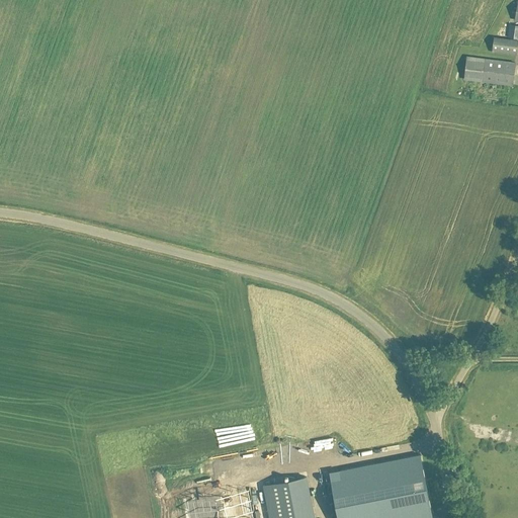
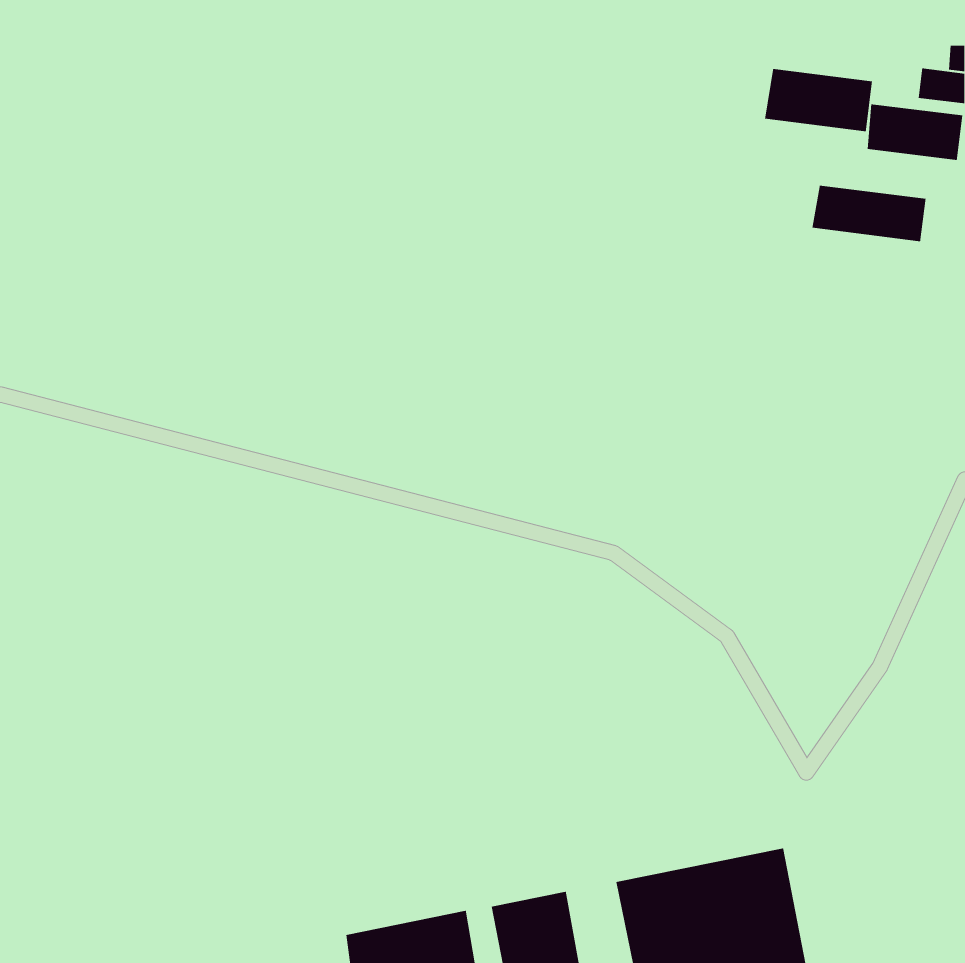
building: none -> [764,68,873,132]
building: none -> [812,185,926,242]

